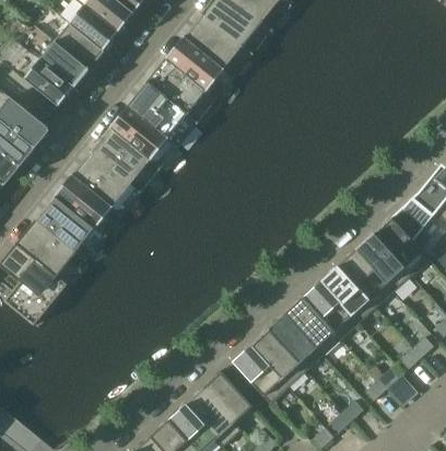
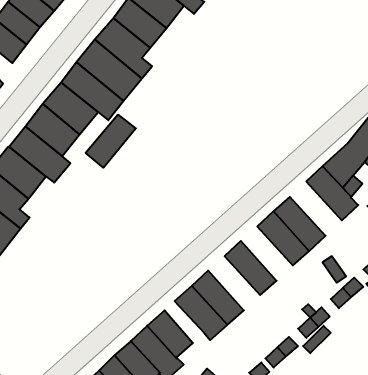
building: none -> [86,115,136,168]
building: [355,233,411,291] -> none
building: [303,281,359,339] -> none
building: [268,313,324,371] -> none

